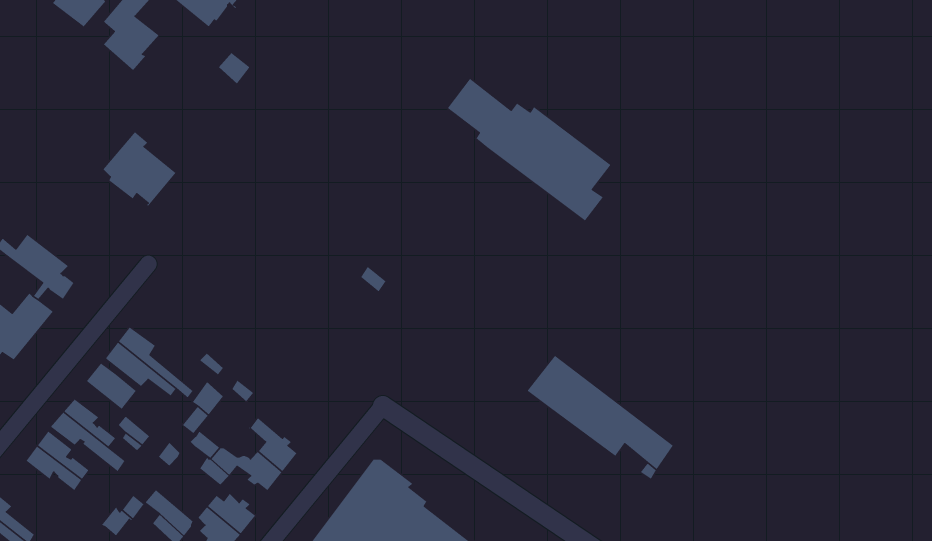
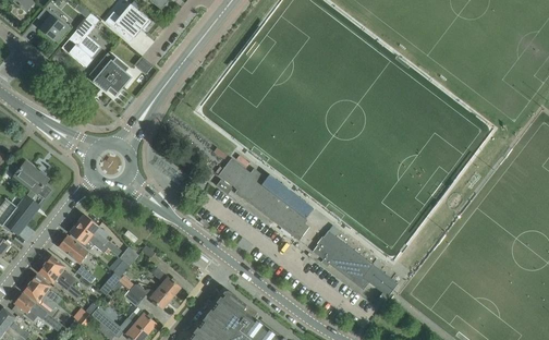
building: [447,78,612,222] -> [218,158,313,241]
building: [103,131,176,207] -> [88,53,131,97]
building: none -> [13,293,53,324]

